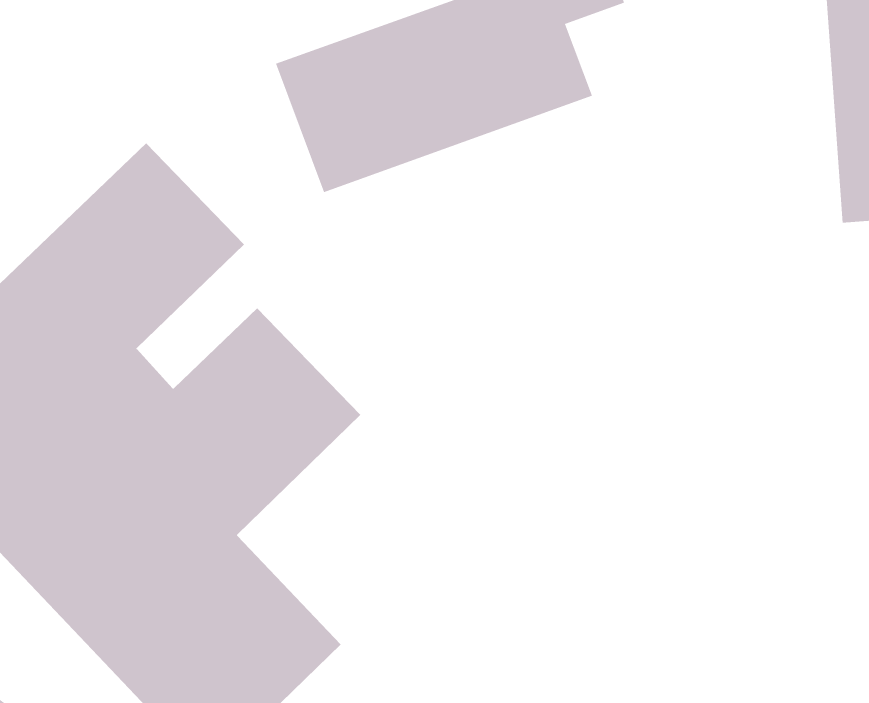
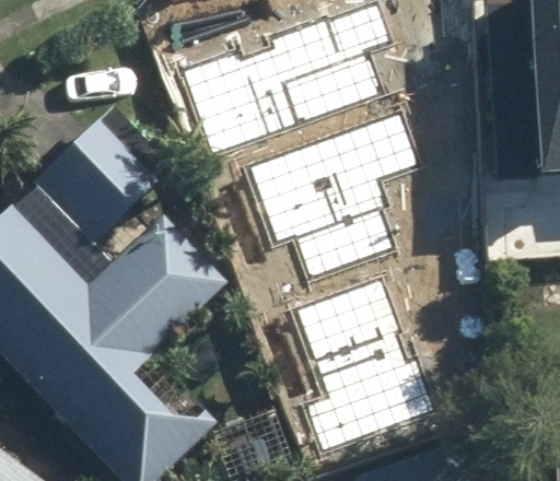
building: none -> [247,119,410,280]
building: none -> [284,271,433,447]

